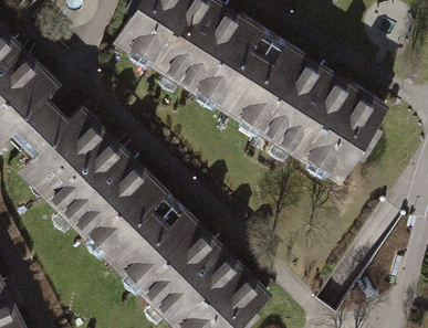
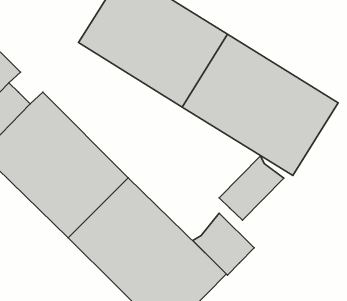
building: none -> [219,156,284,220]
building: none -> [193,213,254,275]

